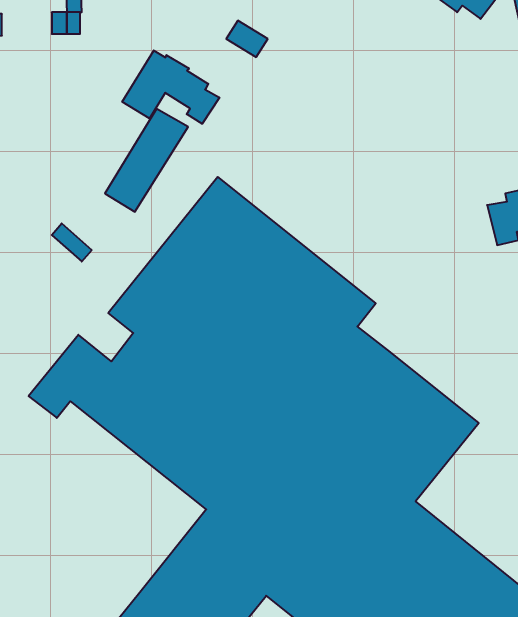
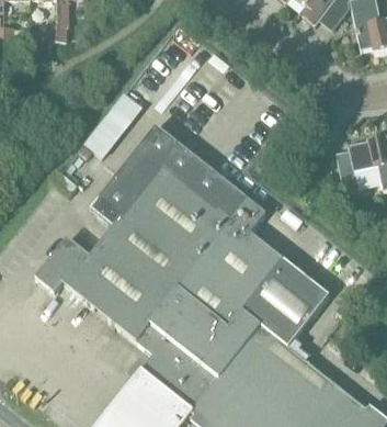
building: [122,50,219,124] -> none

